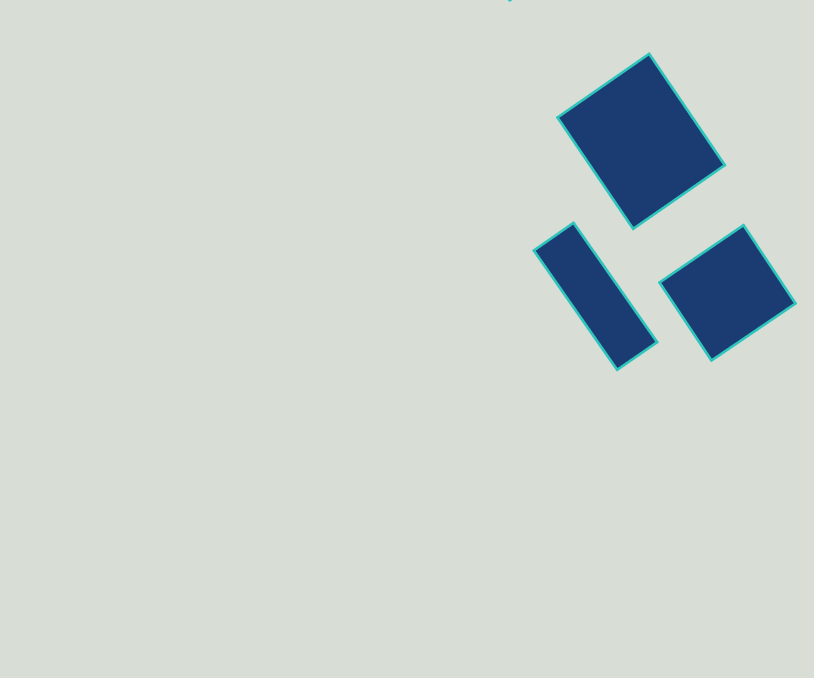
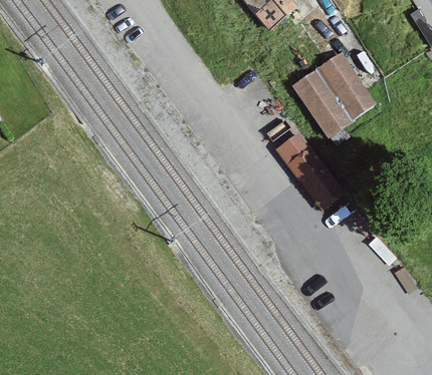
building: [659,225,796,361] -> none

